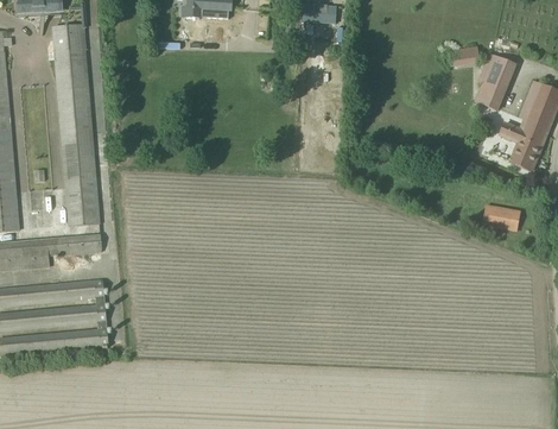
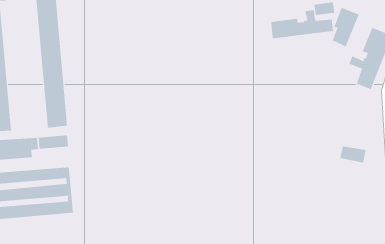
building: none -> [270,9,334,39]
building: [482,204,520,229] -> [340,146,366,163]

